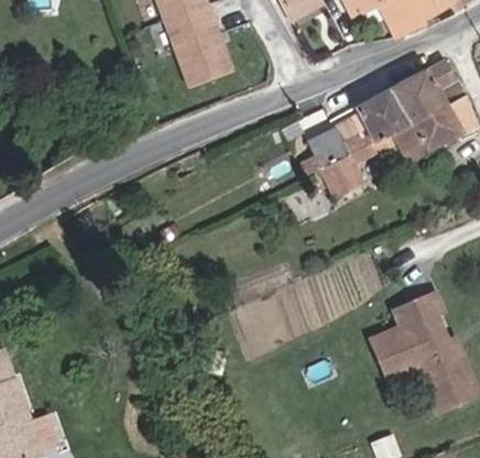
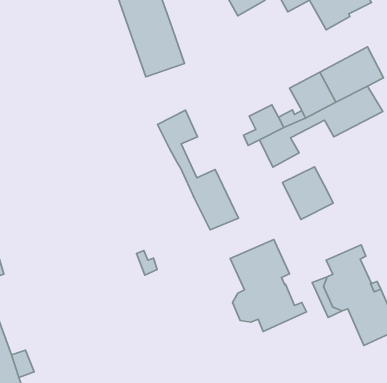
building: none -> [158,110,238,230]
building: none -> [282,167,333,219]
building: none -> [230,239,306,331]

